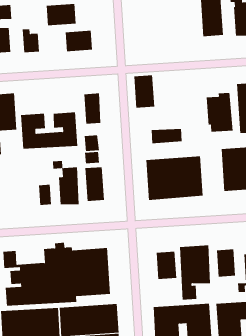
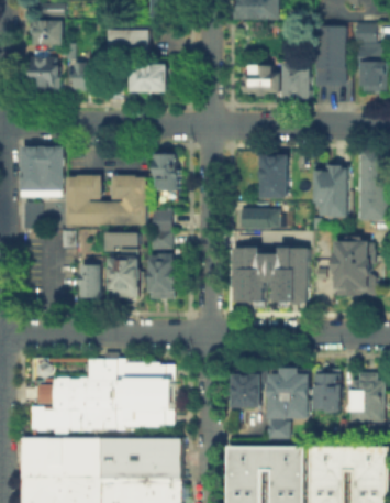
building: none -> [285,67,311,98]
building: none -> [246,68,280,92]
building: [133,75,155,108] -> [258,153,285,196]

